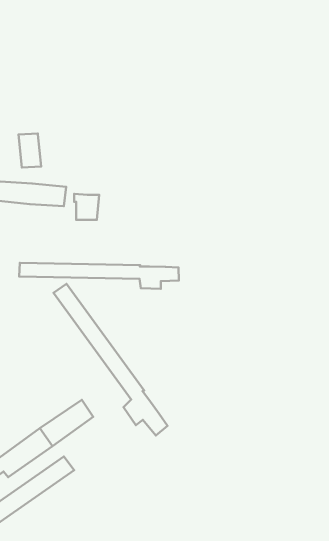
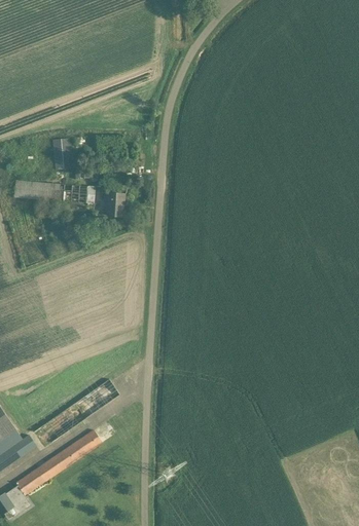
building: [19,263,179,289] -> none
building: [53,284,167,435] -> none

